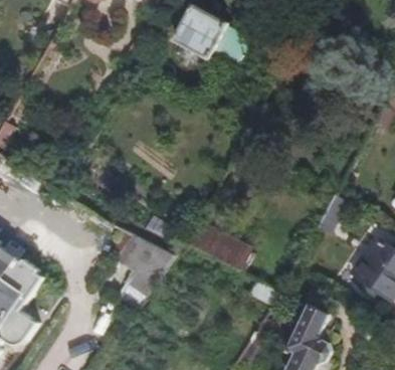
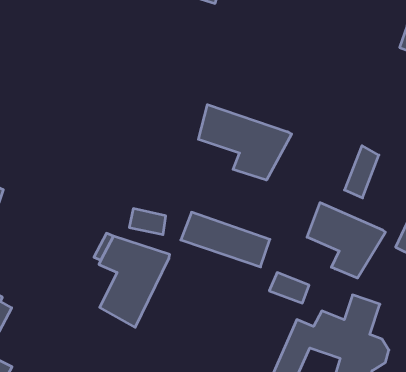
building: none -> [198,105,292,180]
building: none -> [307,203,385,278]

